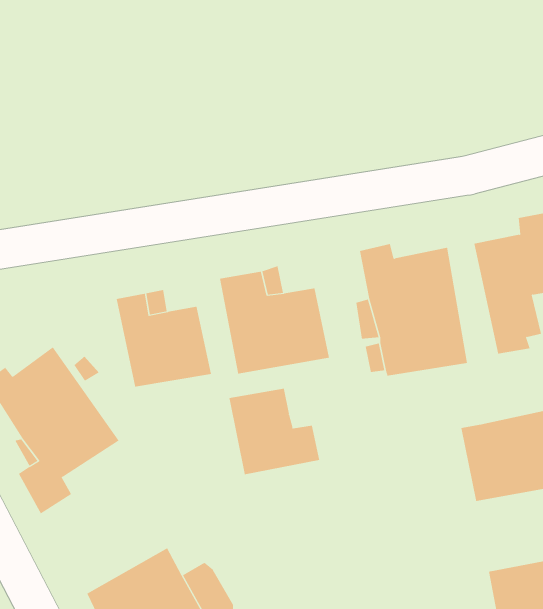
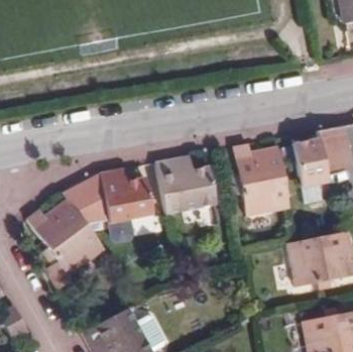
building: [229,388,320,475] -> none

